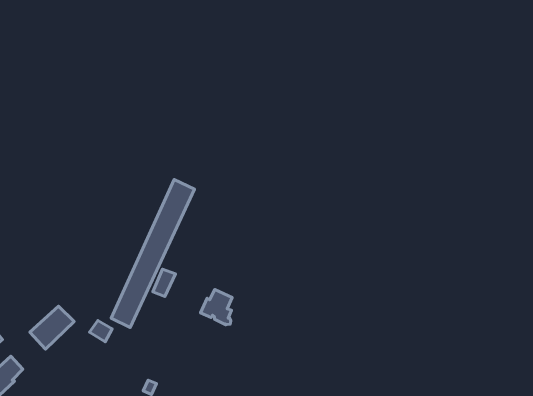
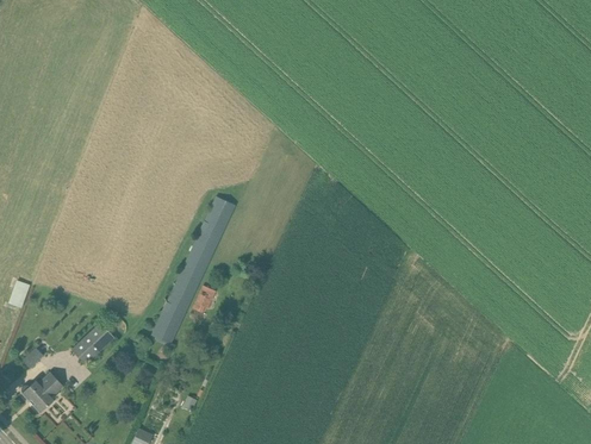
building: [200,289,232,325] -> none

